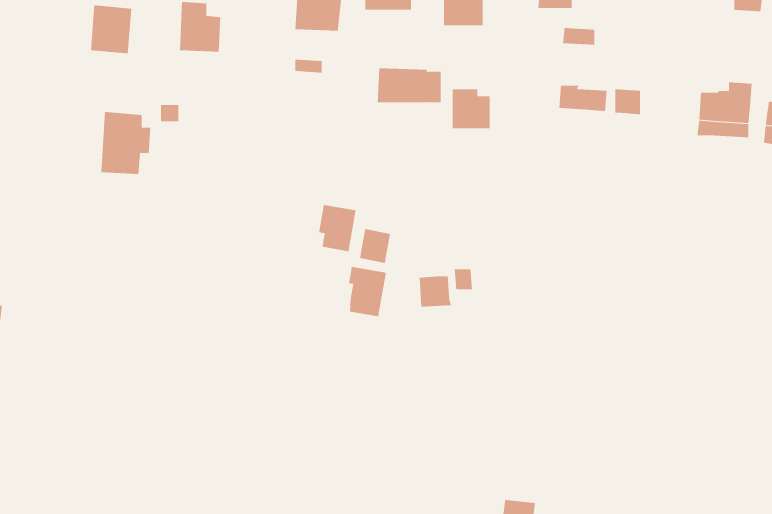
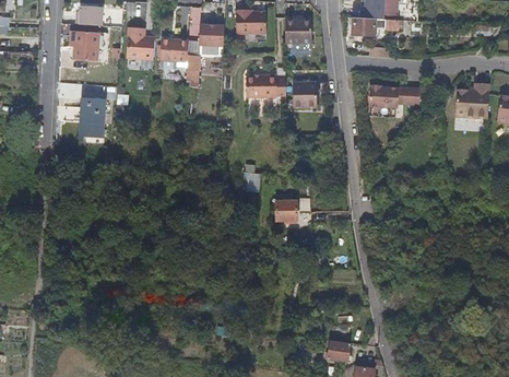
building: none -> [161,38,188,61]
building: [319,204,356,252] -> none
building: [348,266,386,317] -> none

